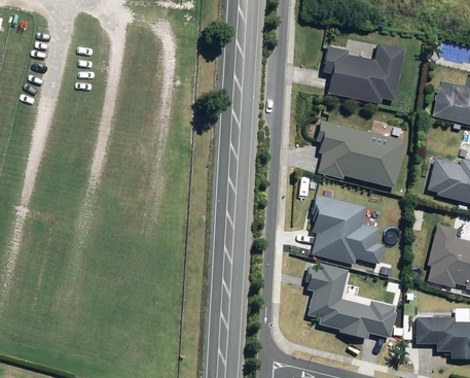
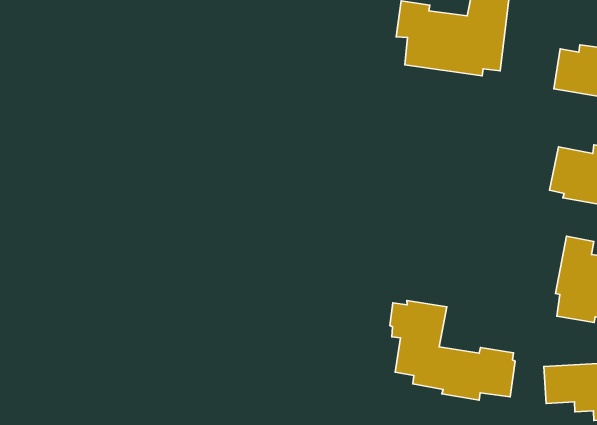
building: [315,121,405,188] -> none
building: [314,195,387,265] -> none

